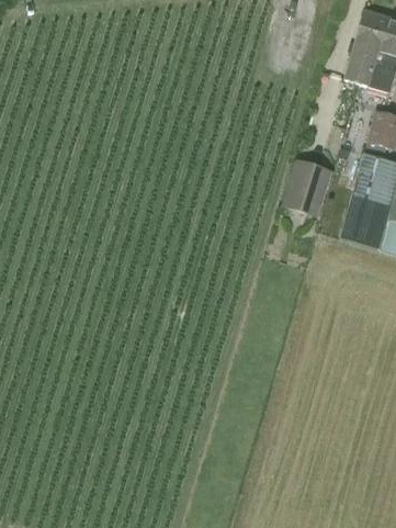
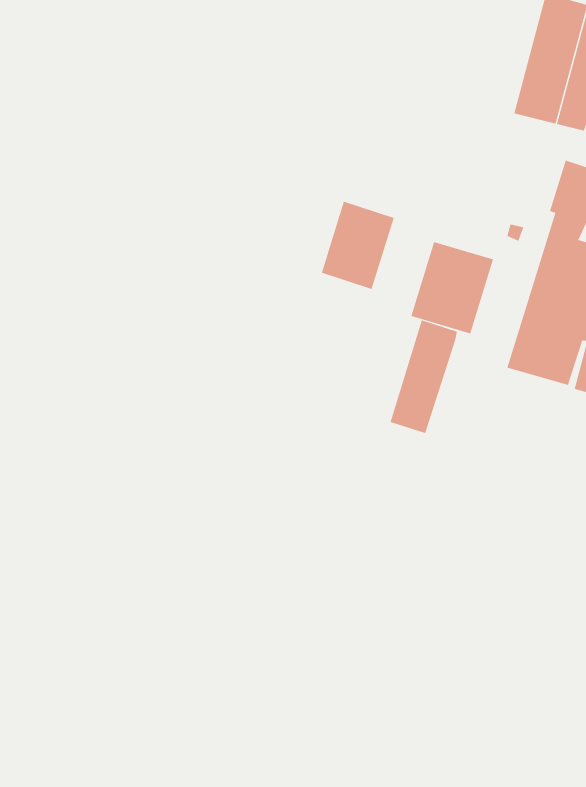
building: none -> [321,201,394,290]
building: none -> [390,320,457,434]

